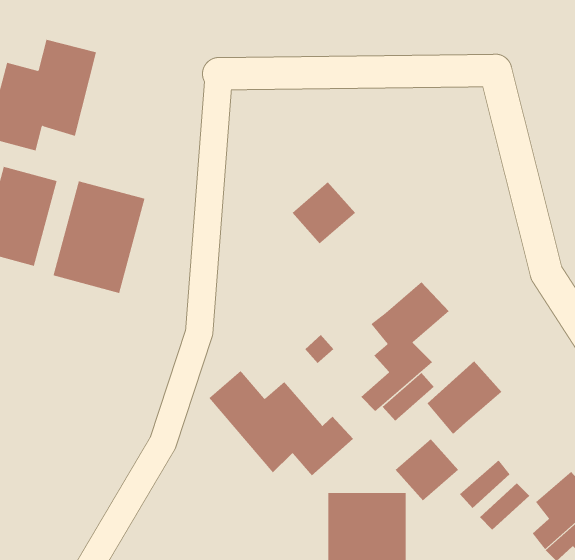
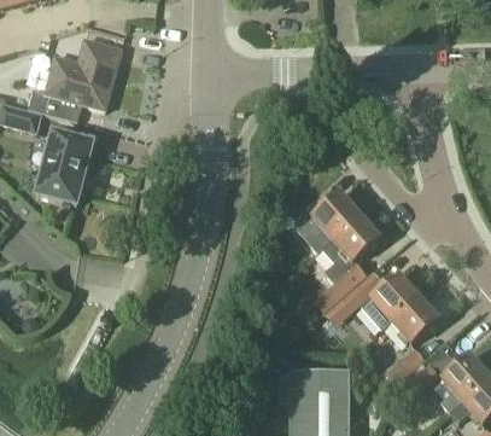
building: [53,181,145,294] -> none
building: [292,181,356,244] -> [312,193,360,239]
building: [208,370,354,476] -> none
building: [395,438,459,501] -> [392,297,439,343]

